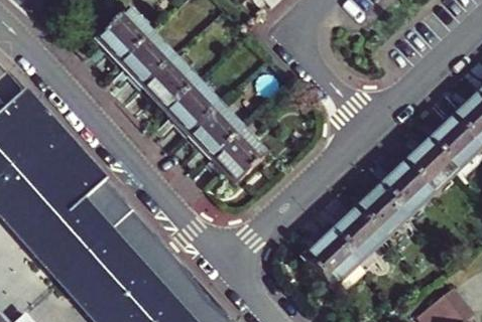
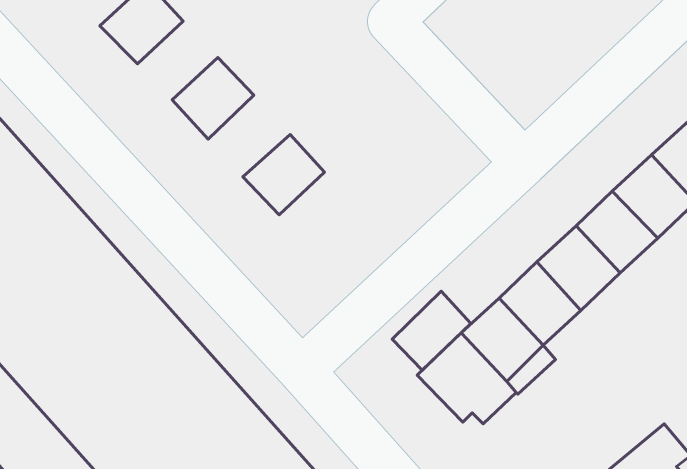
building: [120,33,171,84] -> none
building: [165,81,218,133] -> none
building: [211,130,264,183] -> none
building: none -> [392,291,471,370]

